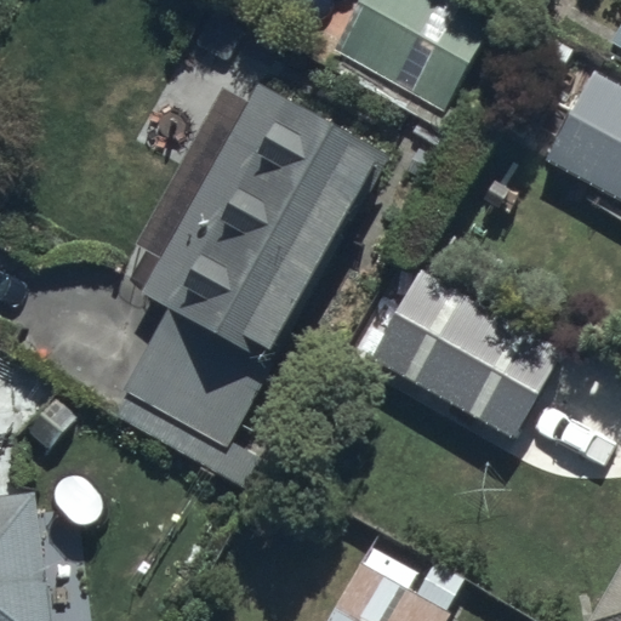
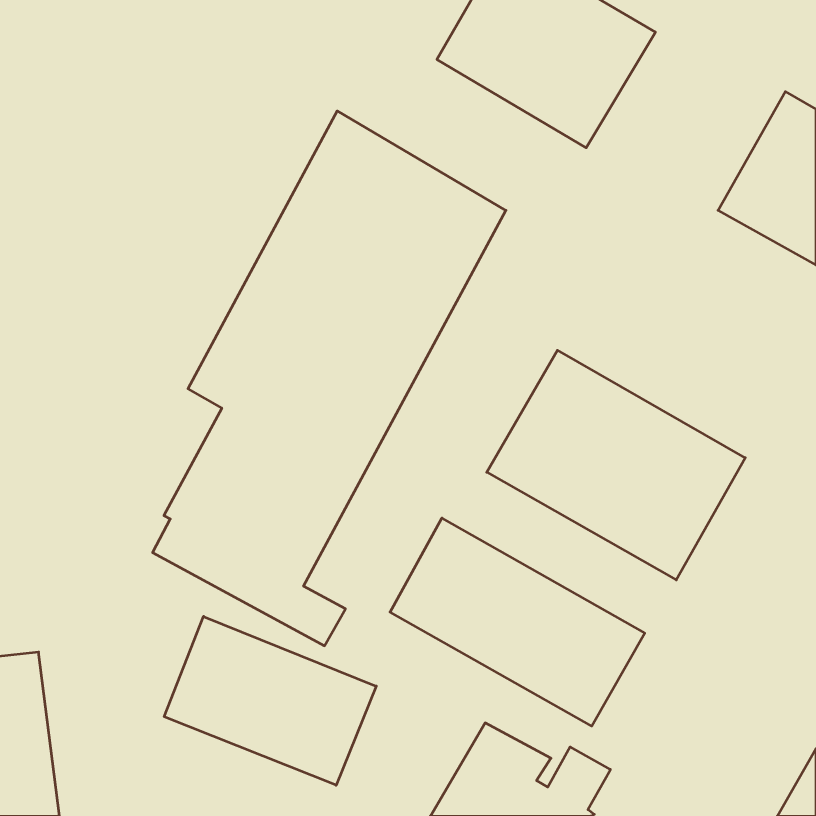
building: none -> [390,518,645,726]
building: none -> [164,616,376,785]

